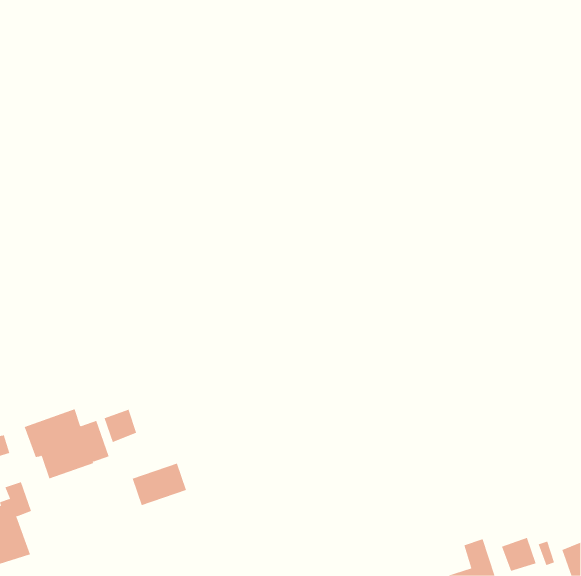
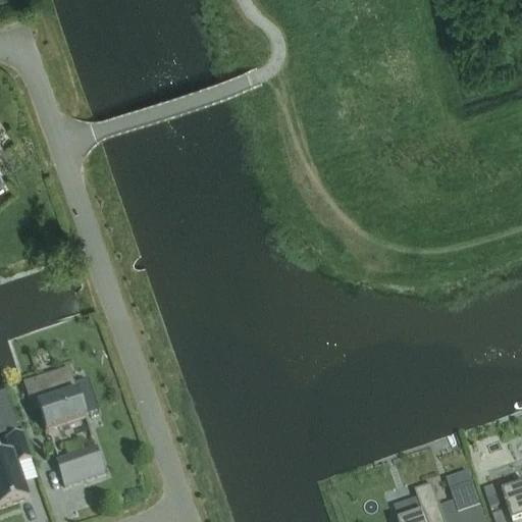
building: [104,409,137,443] -> none
building: [132,463,187,506] -> [54,446,103,484]

